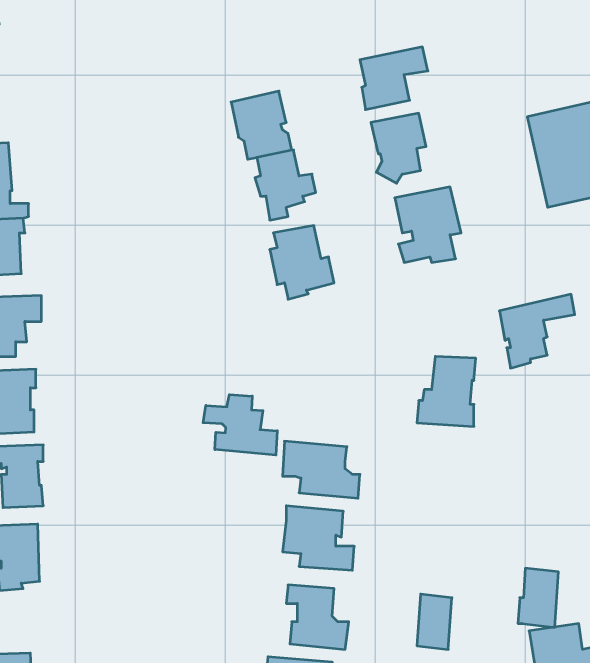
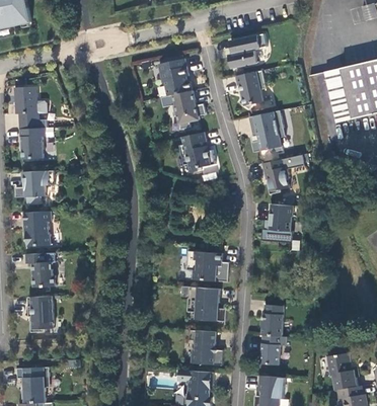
building: [499,294,575,368] -> [262,155,304,195]
building: [203,395,277,455] -> none
building: [518,568,558,627] -> [260,305,283,337]

